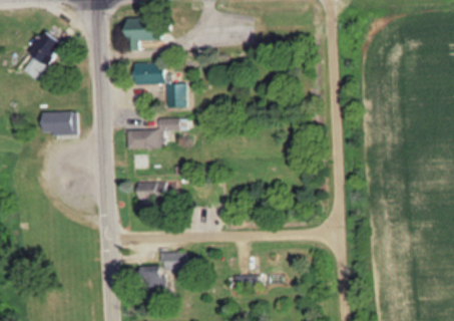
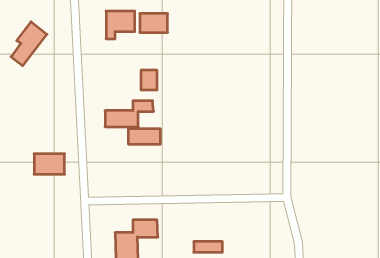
building: [134,63,165,84] -> [140,14,168,32]
building: [42,111,76,134] -> [34,154,65,174]
building: [137,184,173,201] -> [128,129,160,144]

